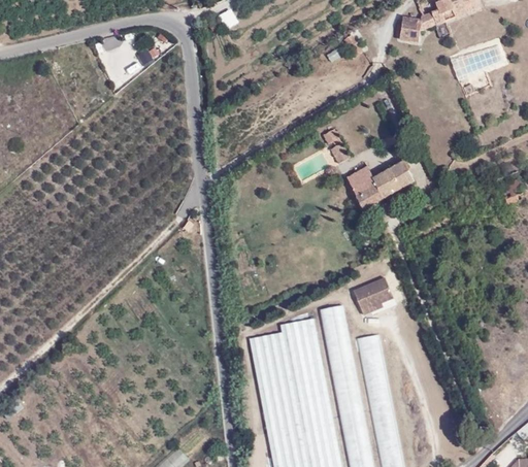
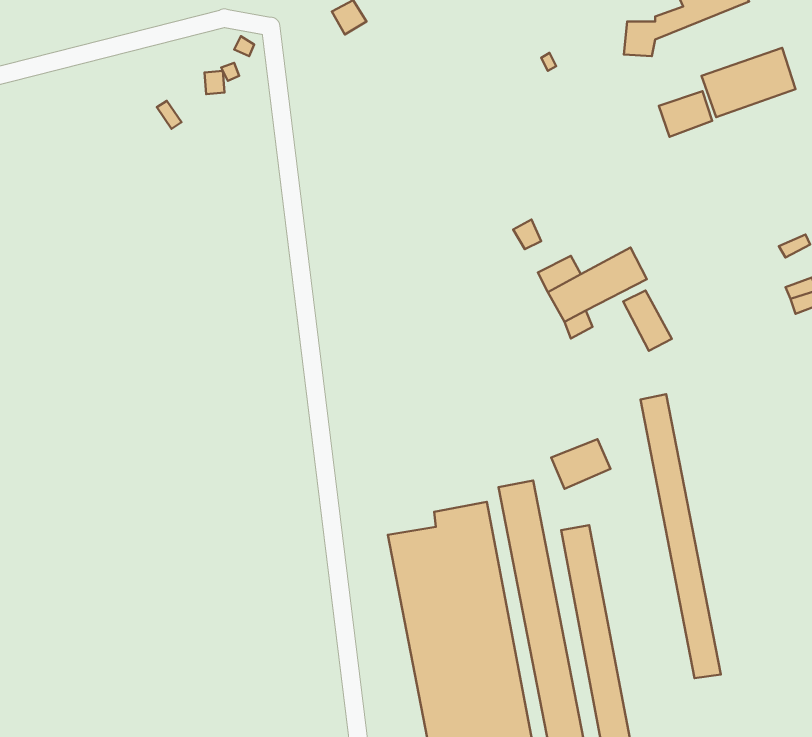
building: none -> [659,91,712,137]
building: none -> [623,291,672,351]
building: none -> [640,394,721,678]

